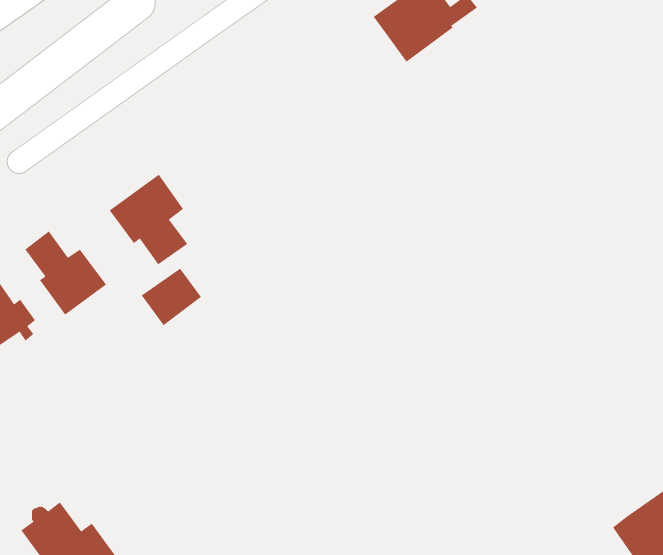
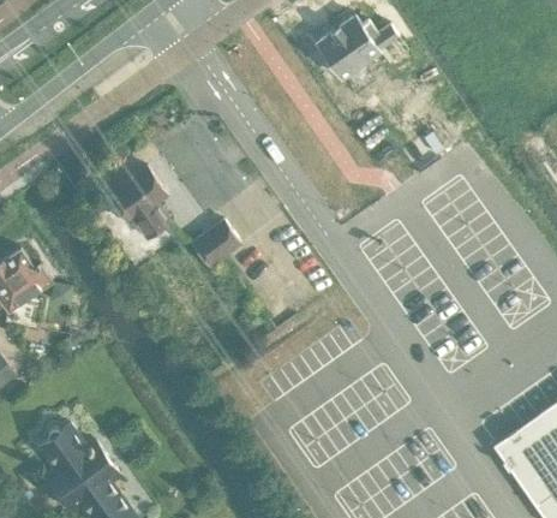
building: [24,230,107,315] -> none
building: [141,268,202,326] -> [192,220,240,266]

